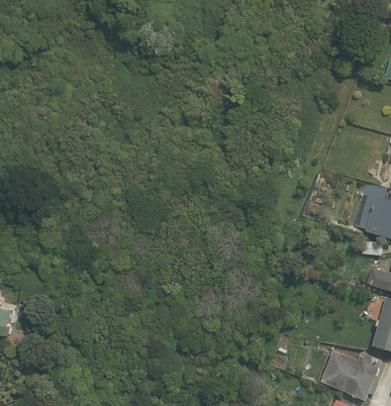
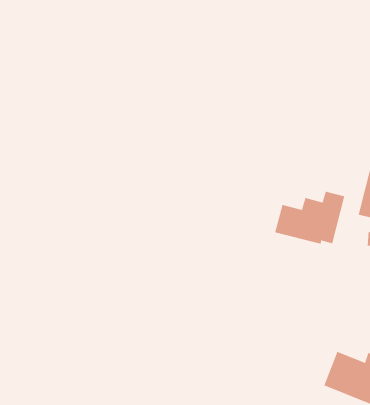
building: none -> [274,191,345,244]

